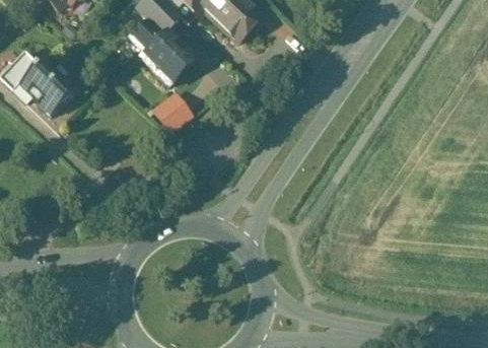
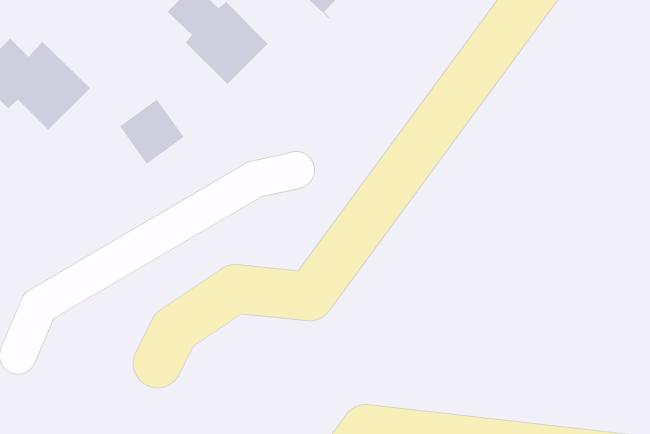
building: [153,87,197,131] -> [119,99,185,164]

